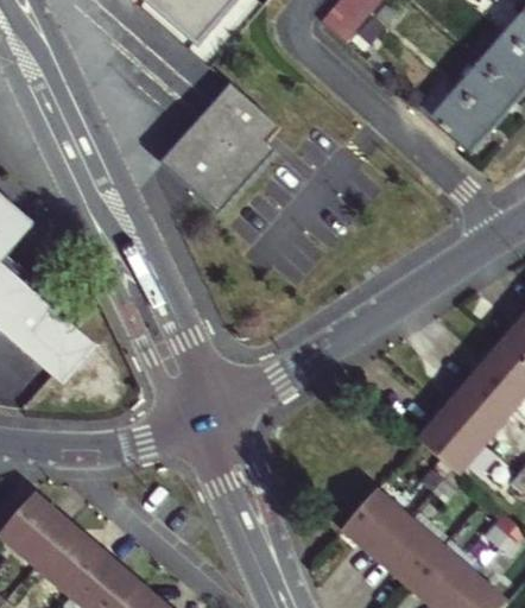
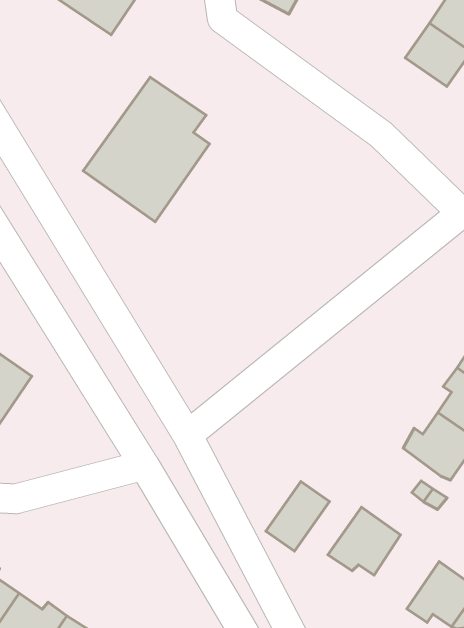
building: [432,90,492,148] -> none
building: none -> [266,482,330,551]
building: [380,515,439,582] -> none

